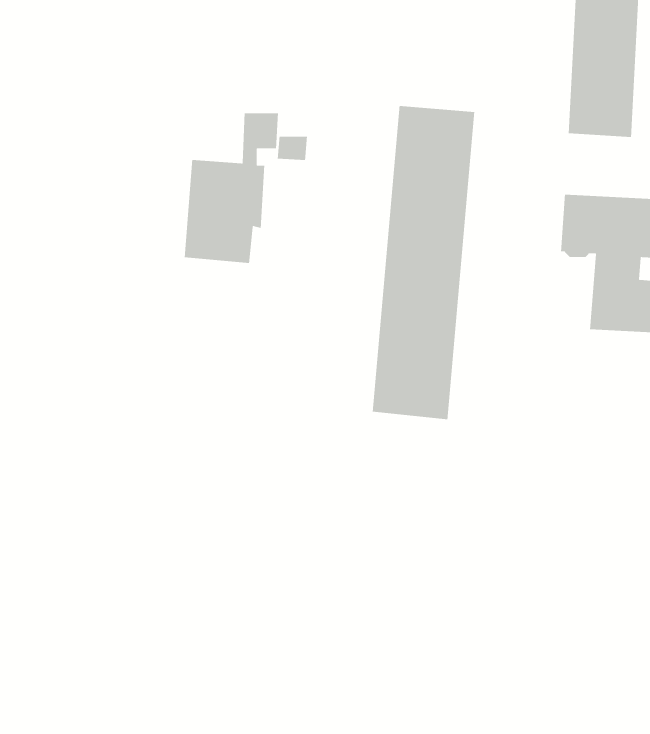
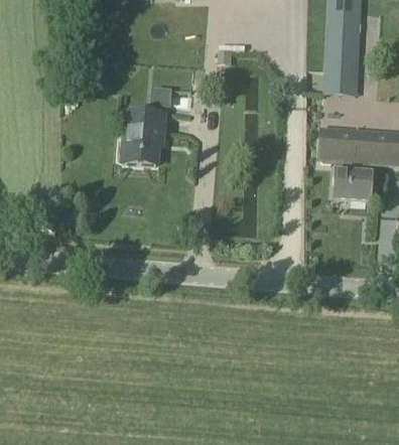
building: [372,105,475,420] -> none

